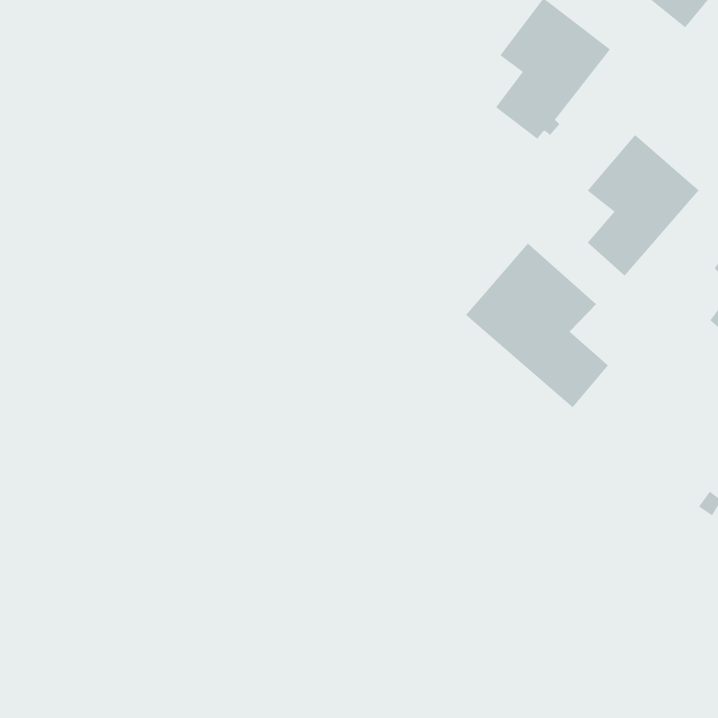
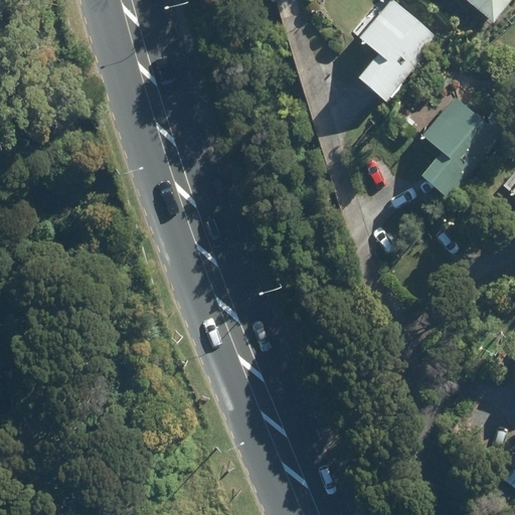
building: [465,243,609,408] -> none

